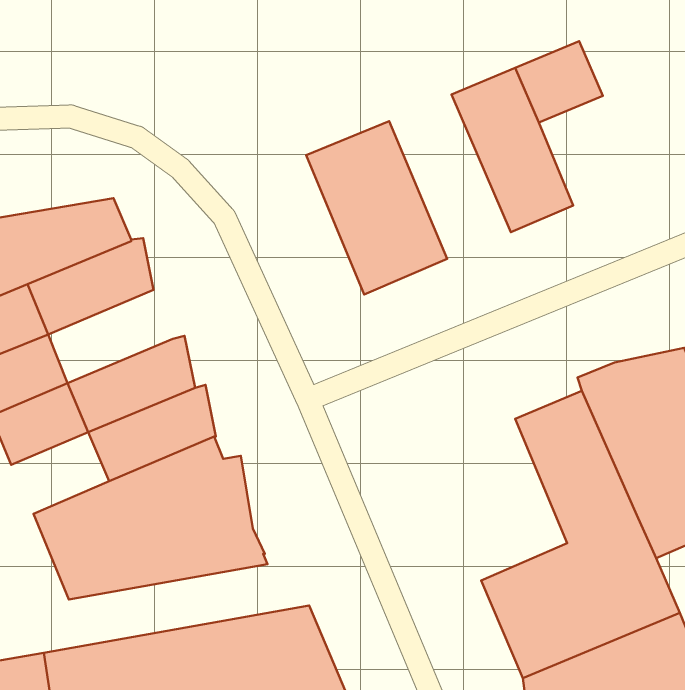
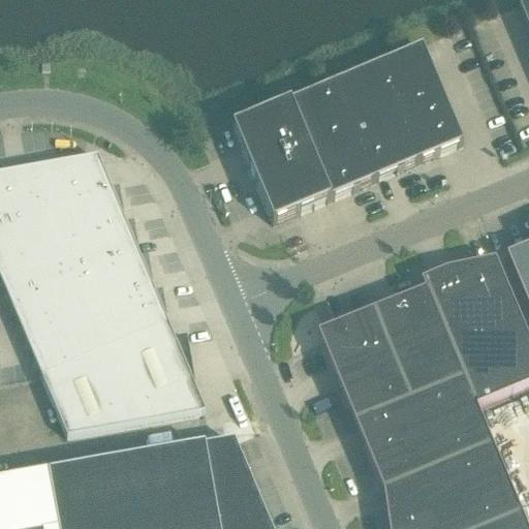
building: none -> [289,77,374,192]
building: none -> [394,79,462,155]
building: none -> [52,212,138,279]
building: none -> [317,304,413,416]
building: none -> [26,313,94,370]

